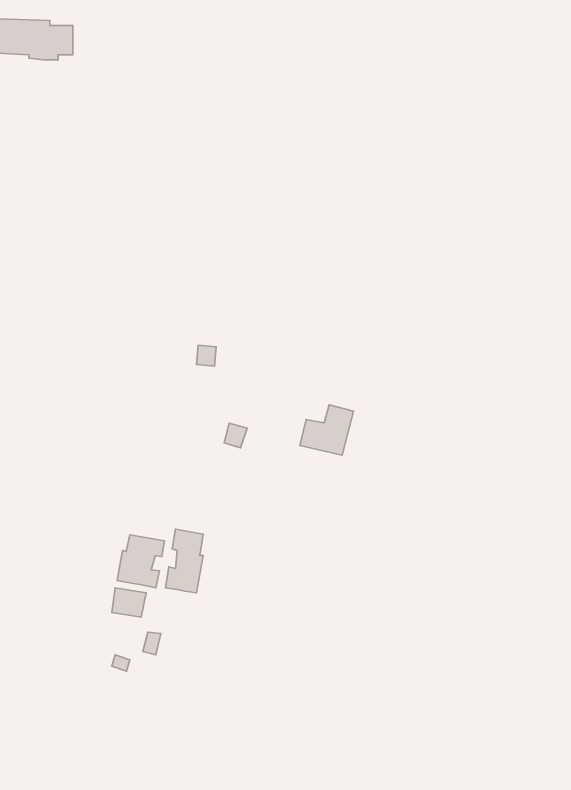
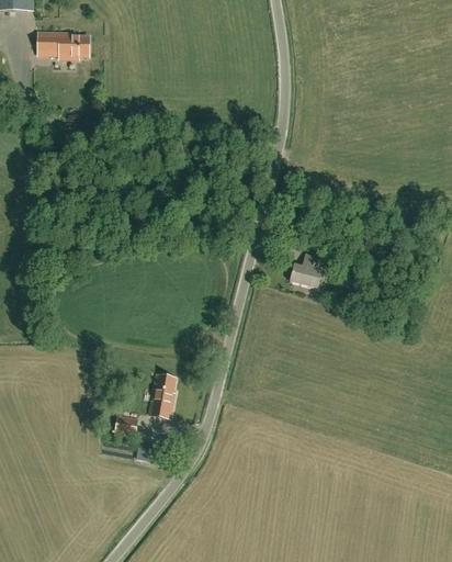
building: [300,405,354,455] -> [289,252,325,286]
building: [117,535,165,588] -> none

